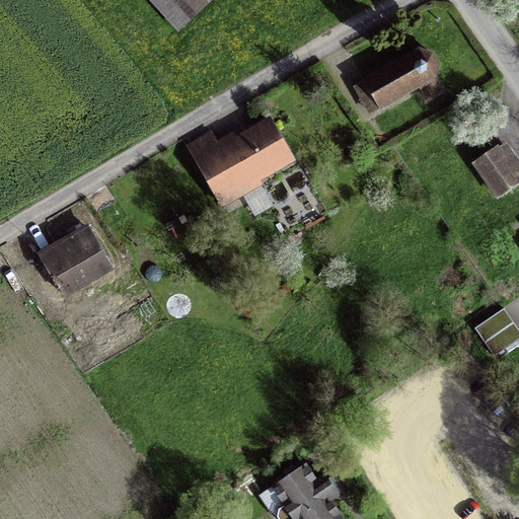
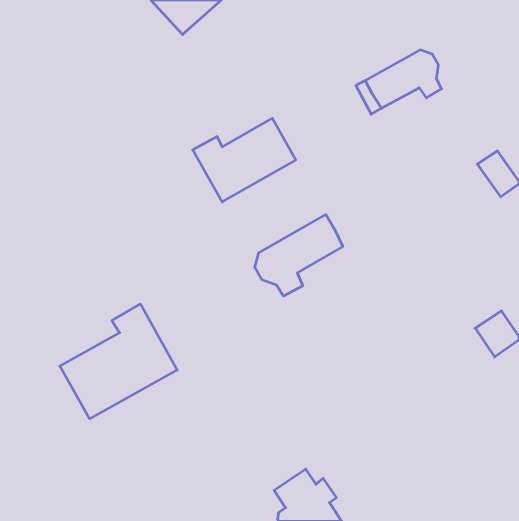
building: none -> [255,215,343,296]
building: [40,226,109,295] -> none
building: none -> [60,304,177,419]

